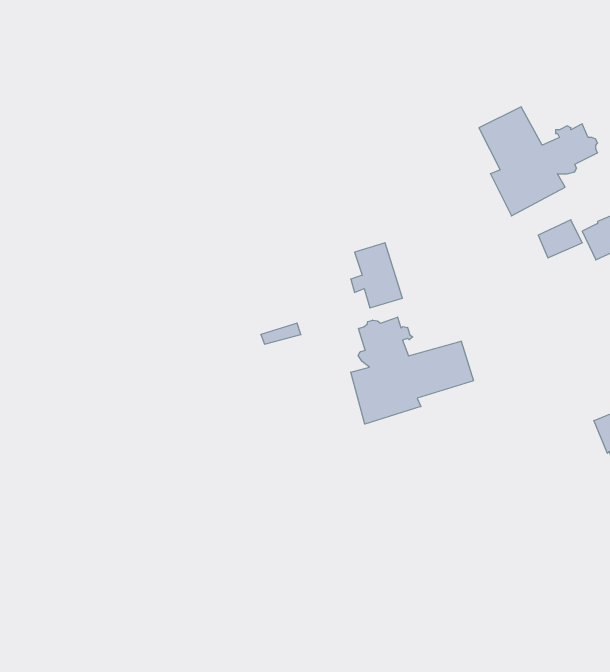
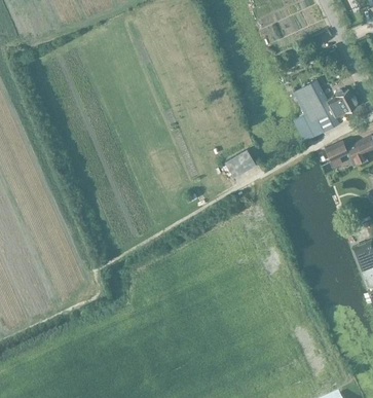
building: [351,317,473,424] -> none

